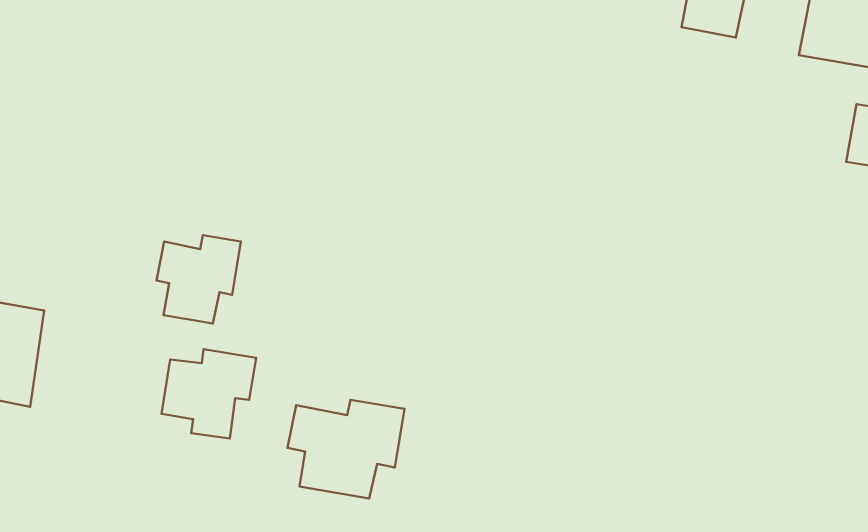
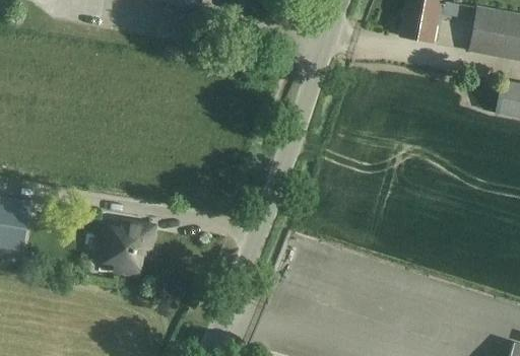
building: [157,235,241,324] -> none
building: [288,400,405,499] -> none

